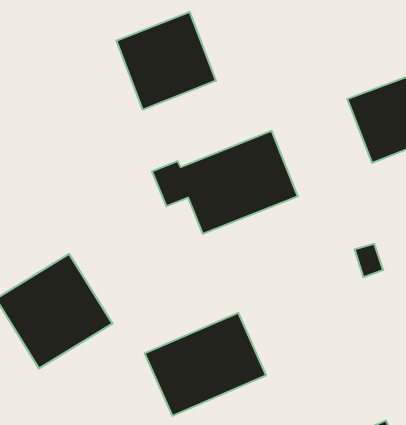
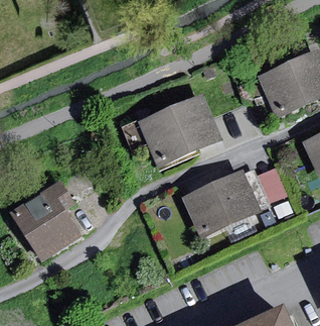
building: [117,12,216,110] -> none
building: [145,313,266,416] -> [181,172,266,243]

